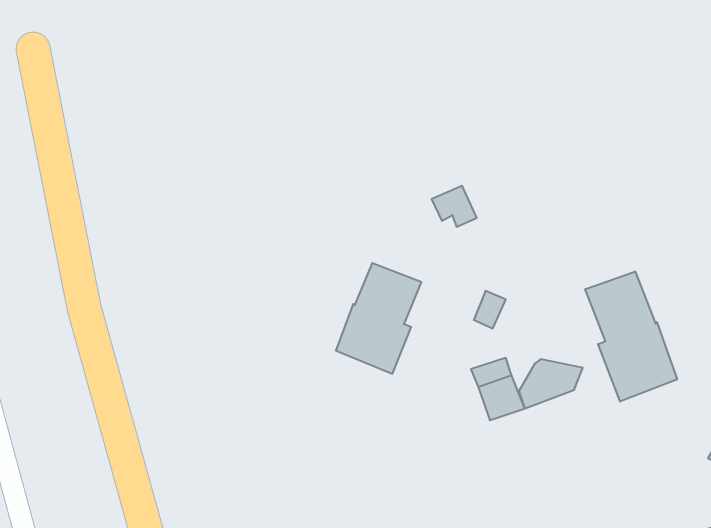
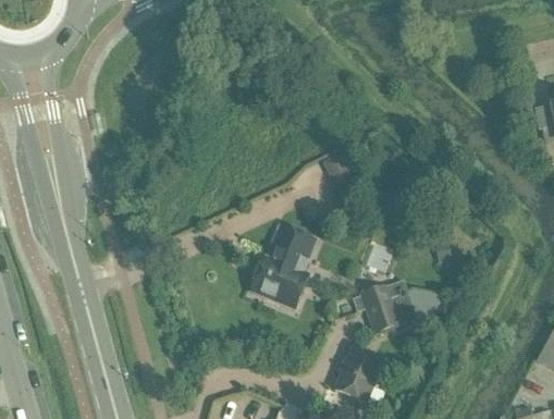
building: [585,271,677,402] -> none
building: none -> [332,350,381,404]

